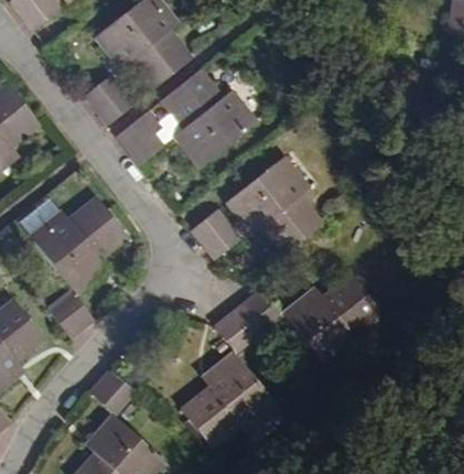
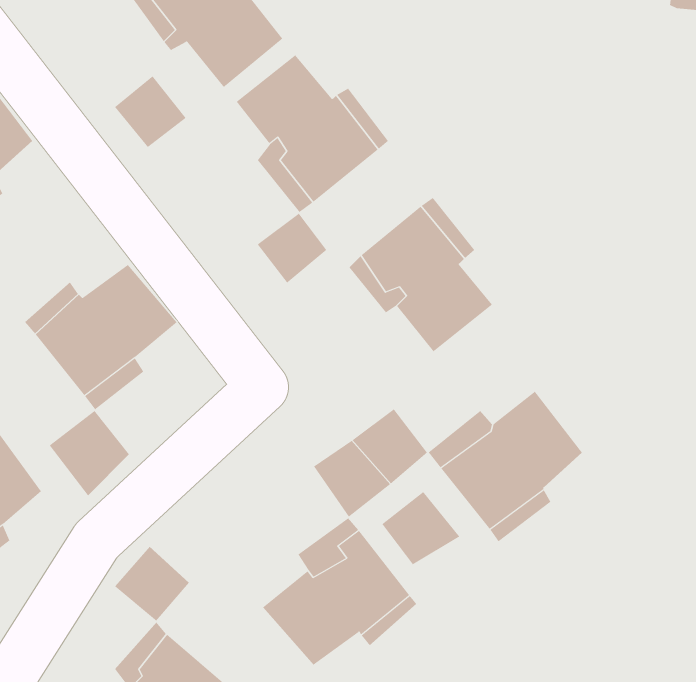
building: [115,115,158,159] -> none
building: [192,211,236,255] -> [257,213,327,283]
building: none -> [382,491,460,565]

